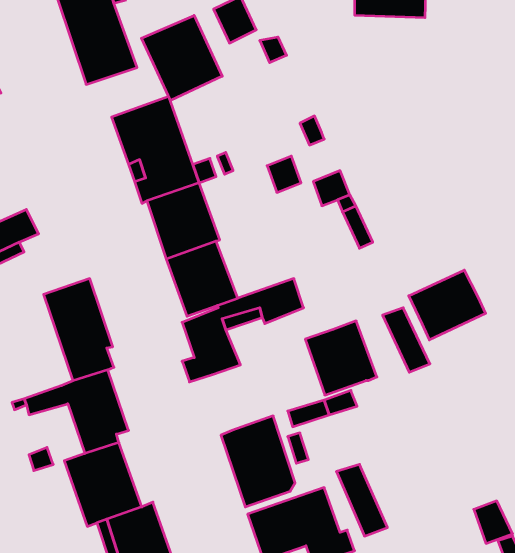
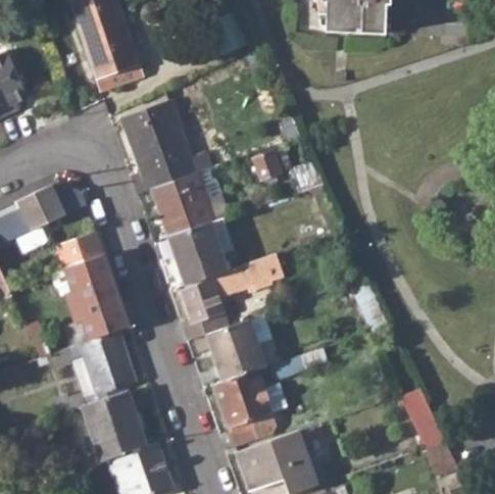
building: [141,15,222,100] -> none
building: none -> [57,231,103,266]
building: [409,270,486,340] -> none
building: [305,321,377,395] -> [206,318,266,381]
building: [336,464,387,536] -> [402,387,445,447]

